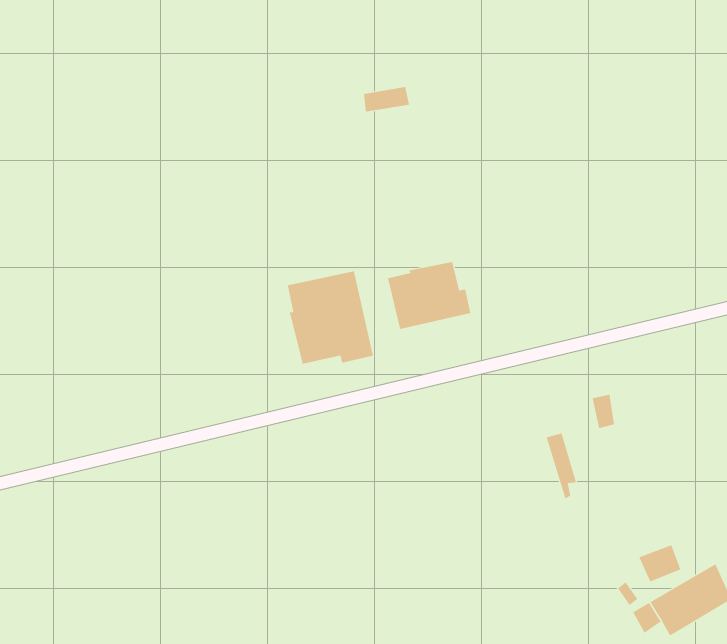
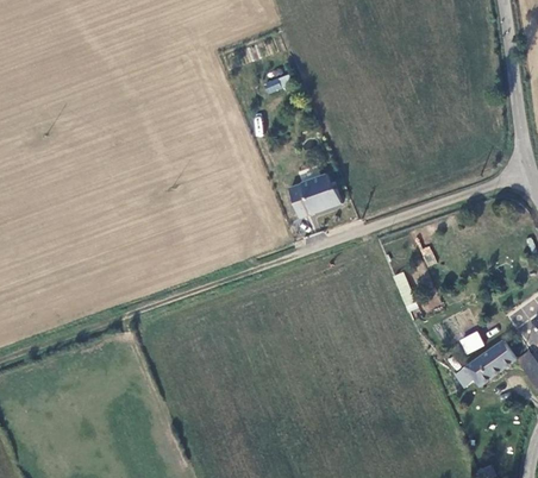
building: [287,270,374,364] -> none

